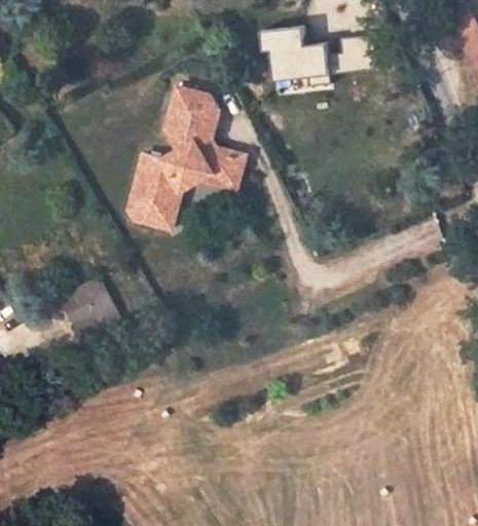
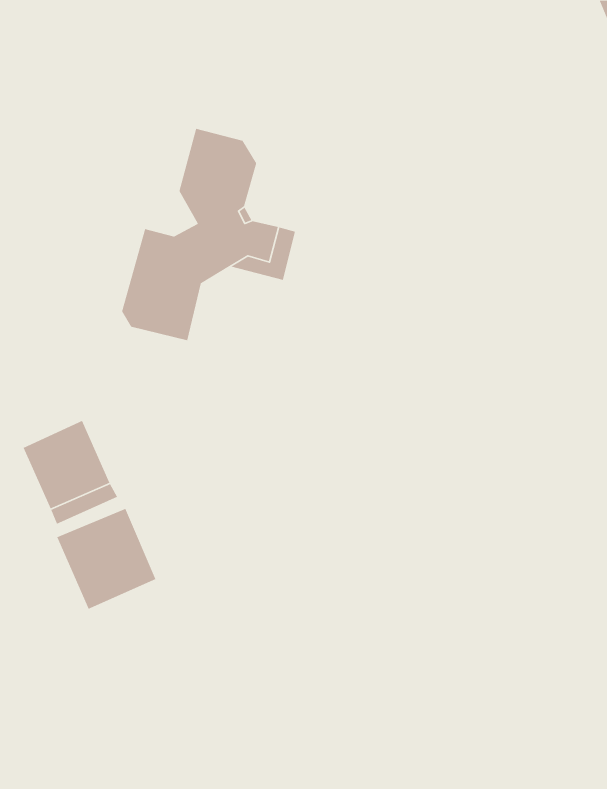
building: [260,24,378,81] -> none
building: none -> [56,508,156,610]

